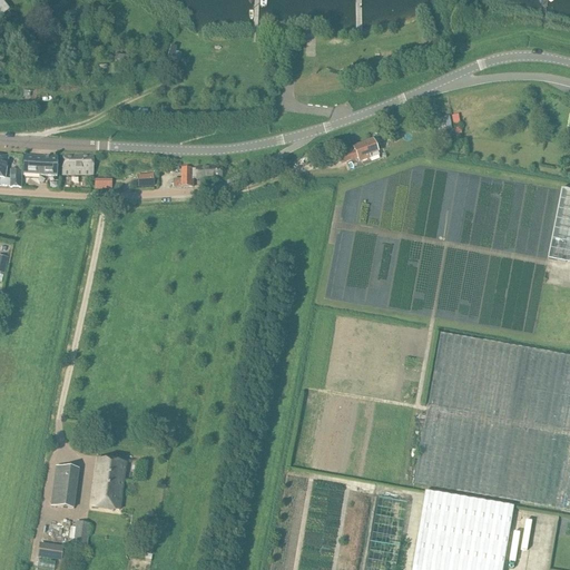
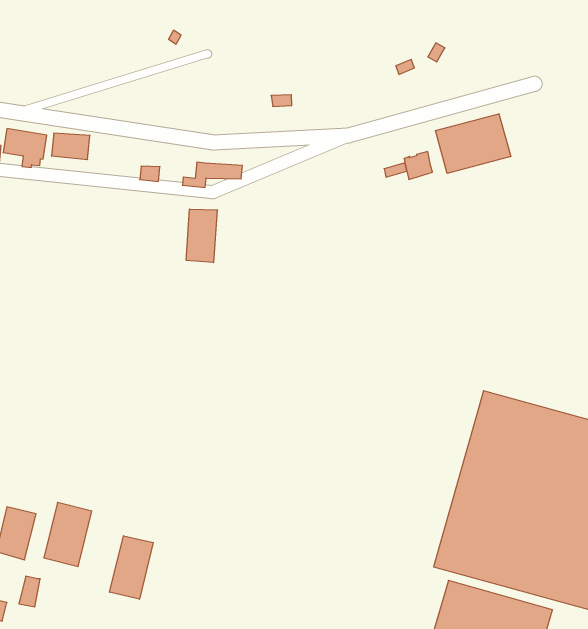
building: none -> [435,114,511,173]
building: none -> [186,209,217,263]
building: none -> [110,536,153,599]

